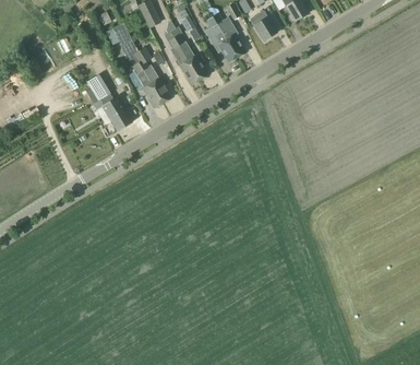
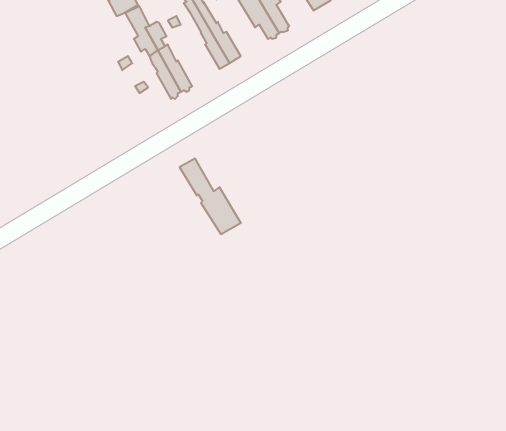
building: [85,72,132,130] -> [180,159,241,234]

